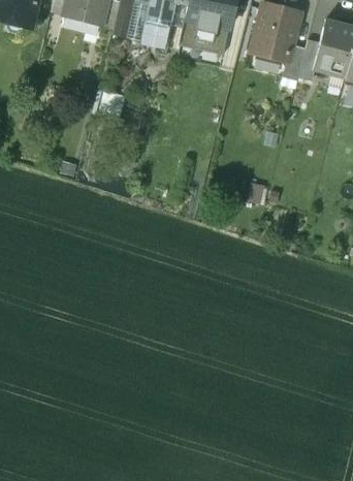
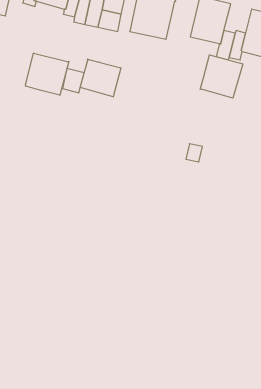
building: none -> [26,53,69,95]
building: none -> [200,55,243,98]
building: none -> [80,59,121,97]

